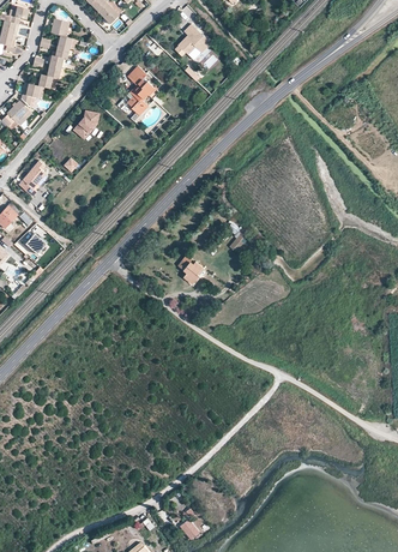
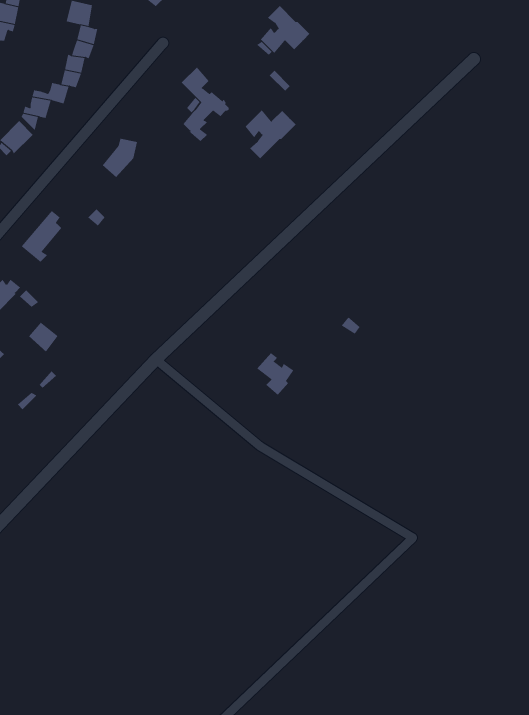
building: none -> [245,109,296,159]

